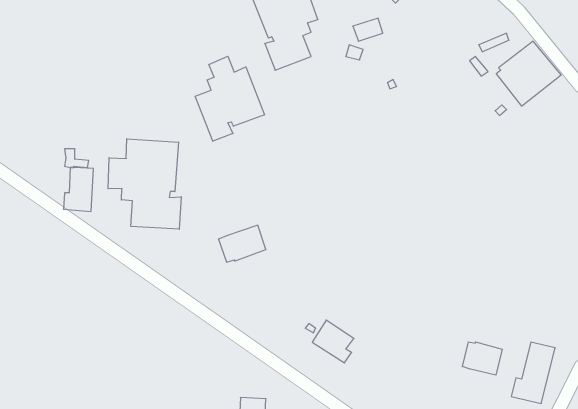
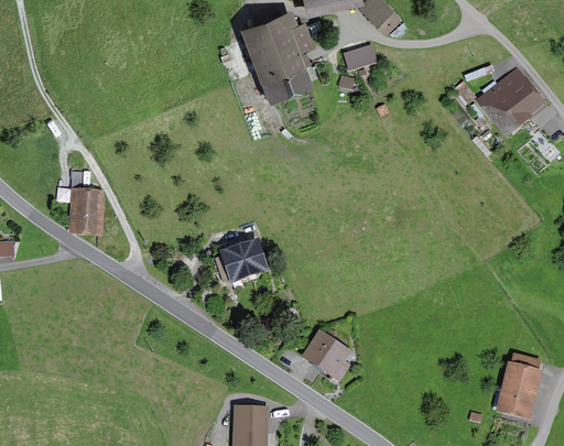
building: [195,56,264,141] -> none
building: [108,139,181,229] -> none
building: [462,342,502,375] -> none

